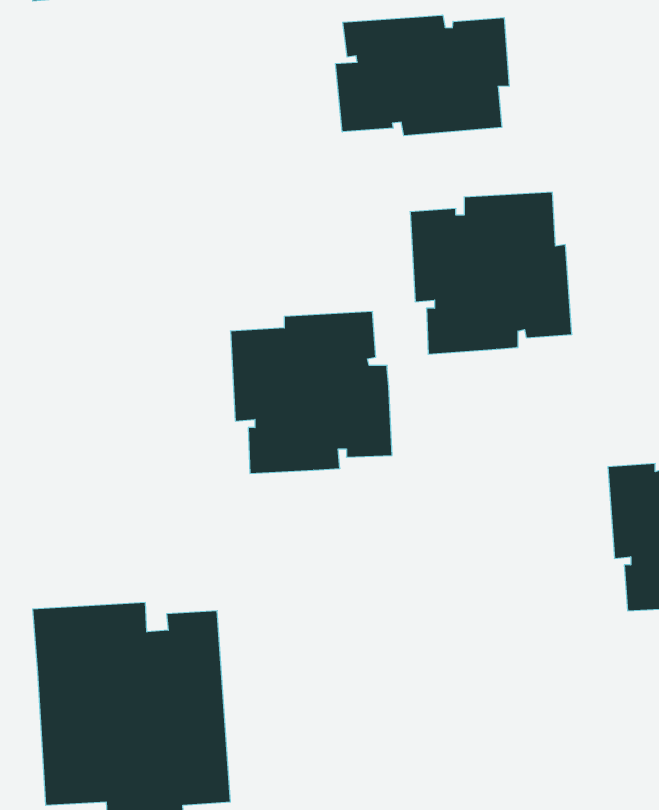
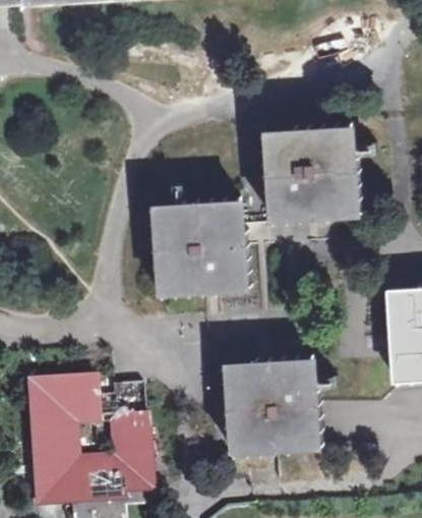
building: [335,15,509,136] -> none
building: none -> [223,356,324,458]

